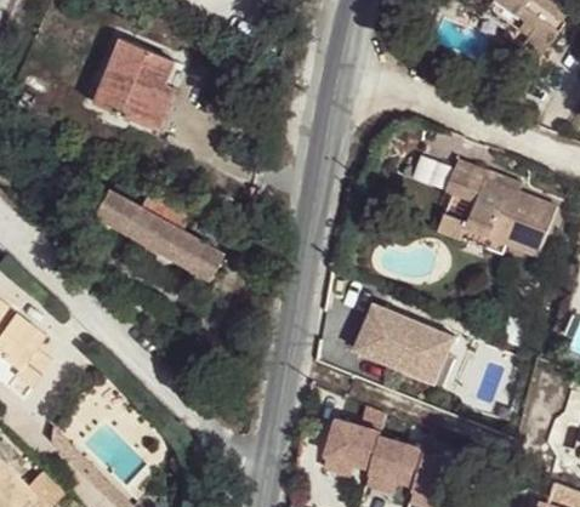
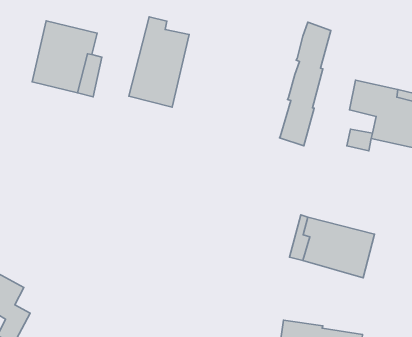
building: none -> [129,17,189,107]
building: none -> [280,22,331,146]
building: [86,189,223,280] -> none

